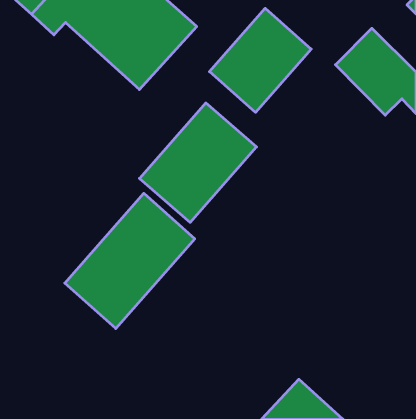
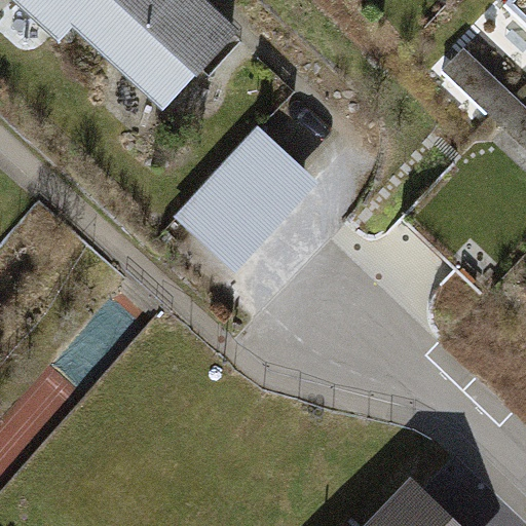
building: [209,8,311,112] -> none
building: [65,193,195,329] -> none

